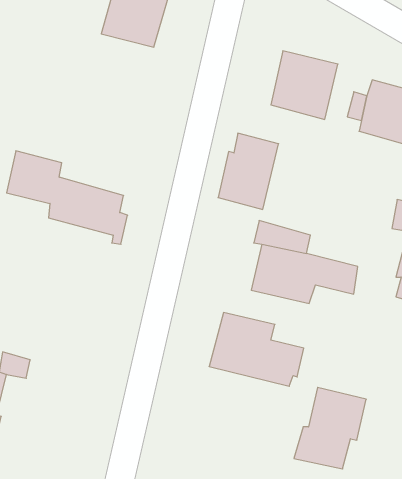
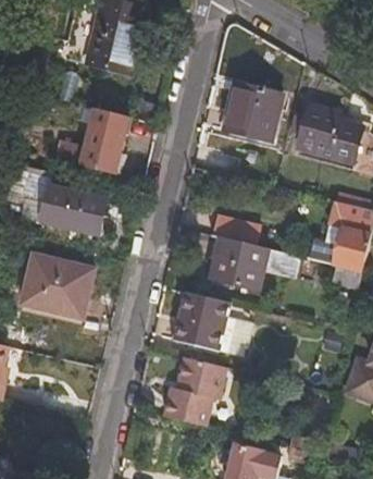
building: [218,133,279,209] -> [78,112,128,175]
building: none -> [22,254,92,320]
building: [294,387,366,469] -> [164,360,224,428]

